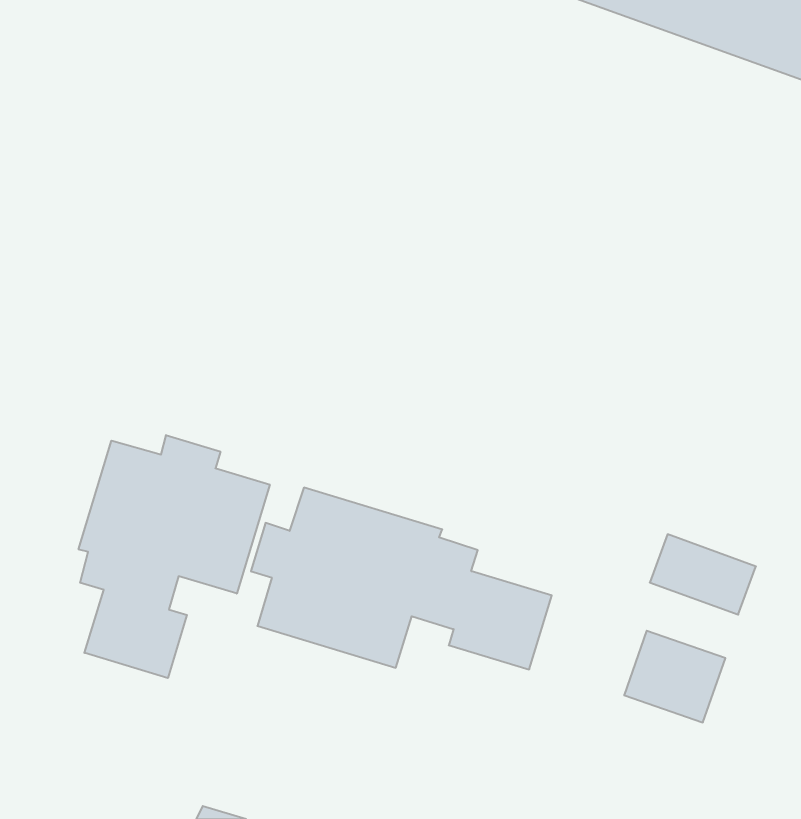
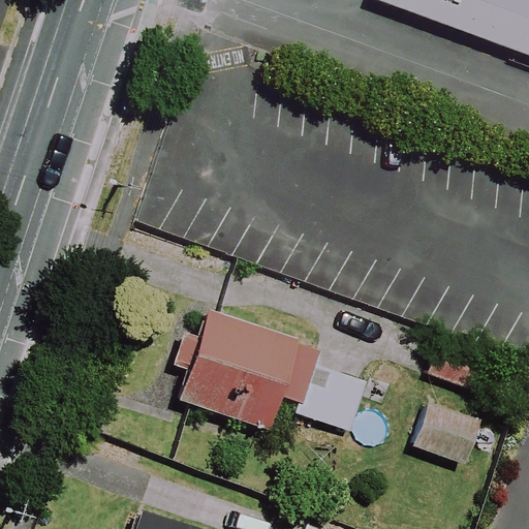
building: [79,435,270,678] -> none

